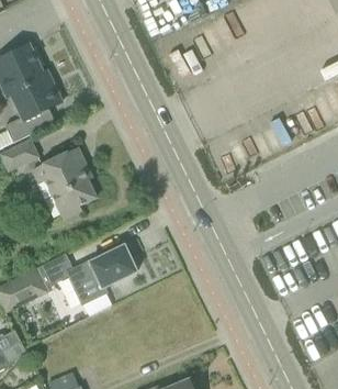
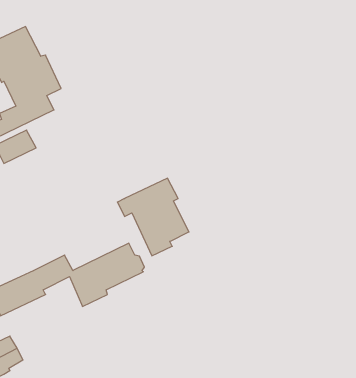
building: [31,146,97,218] -> [117,178,189,256]

